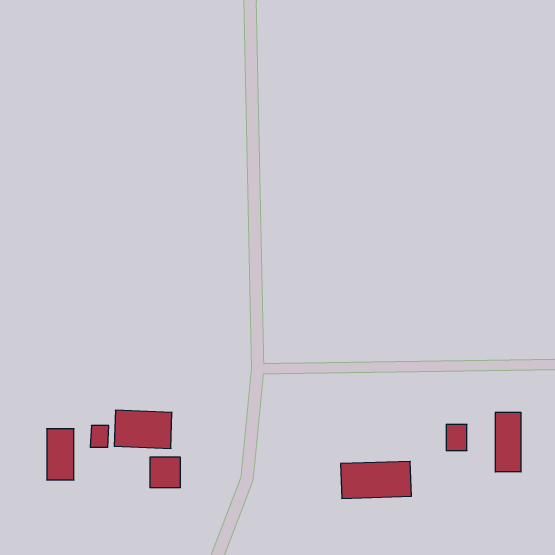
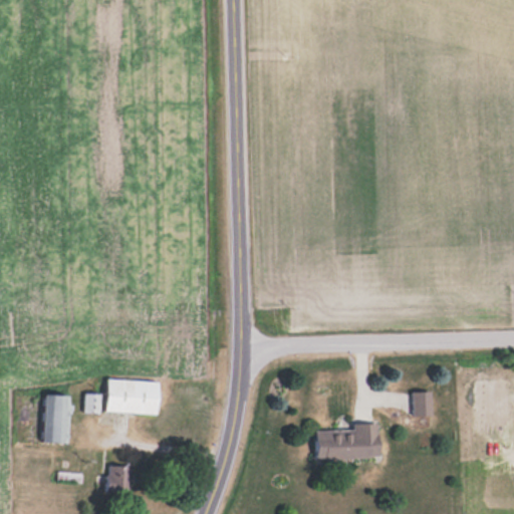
building: [495,412,521,472] -> none
building: [150,457,180,488] -> [104,466,133,494]

